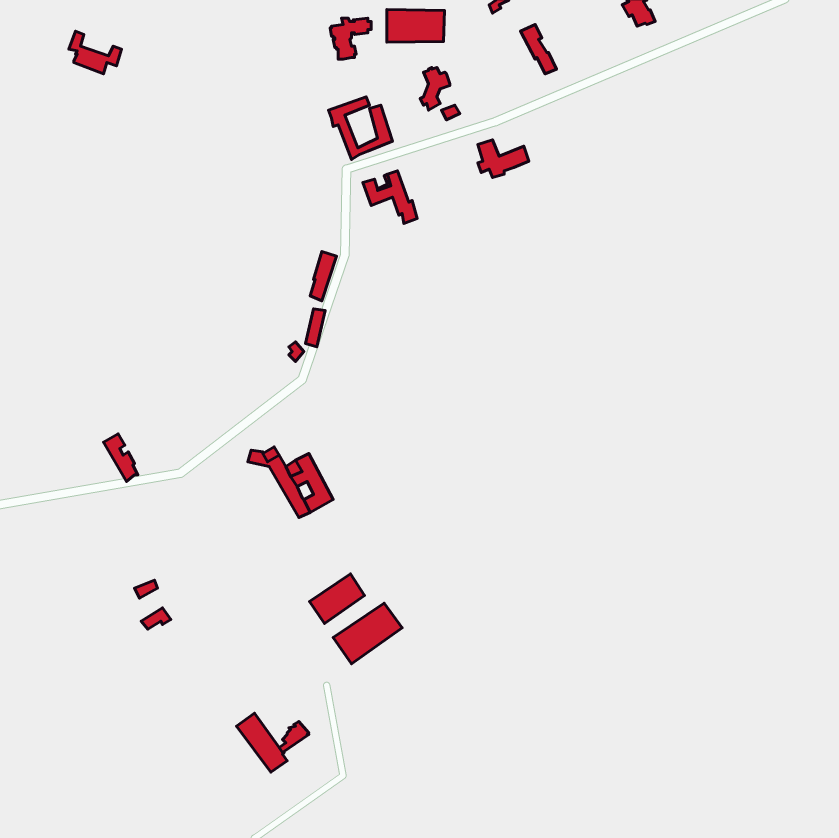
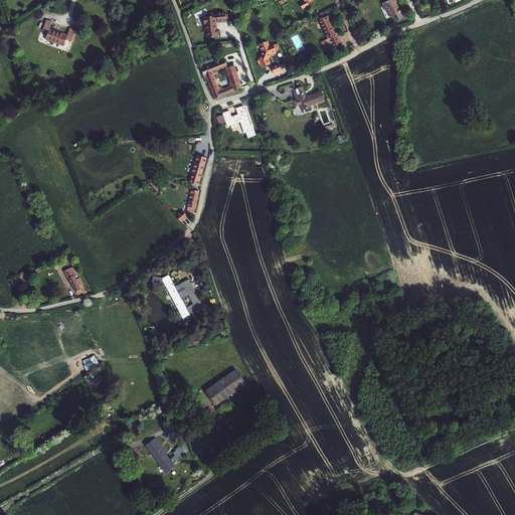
building: [387,9,444,42] -> none
building: [309,574,365,623] -> none

